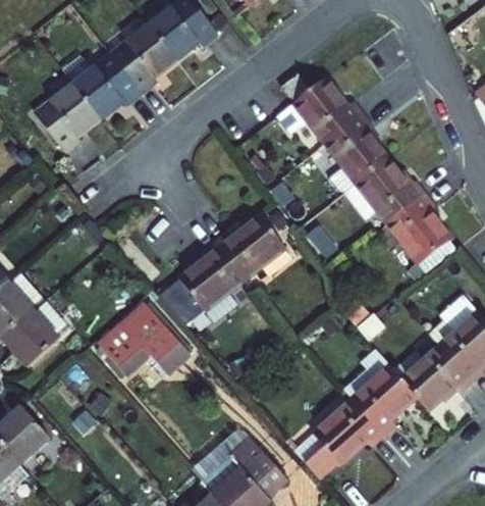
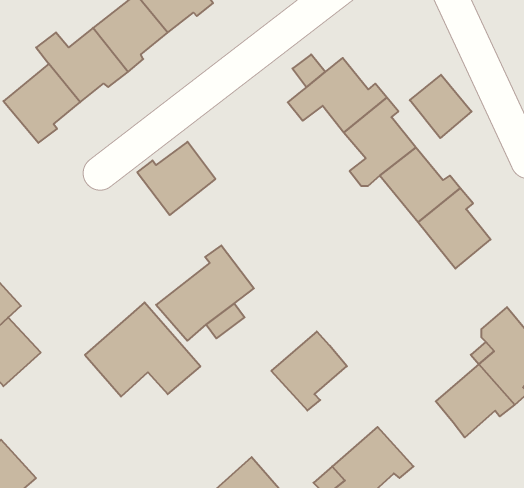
building: none -> [410,75,472,138]
building: [216,216,284,281] -> [137,142,215,215]
building: [353,367,419,437] -> [271,331,347,411]

